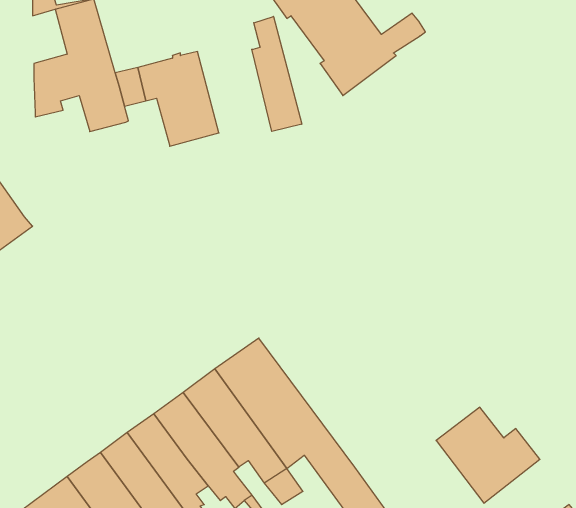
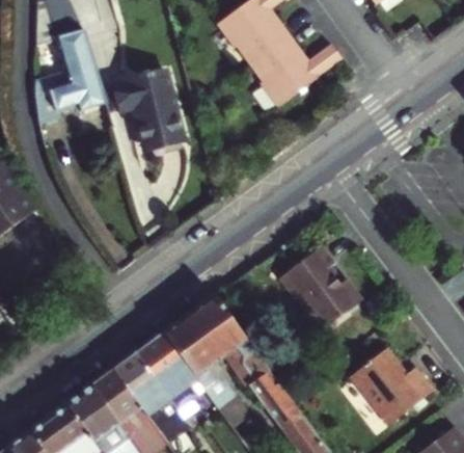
building: [252,16,302,131] -> none
building: none -> [281,245,362,330]

